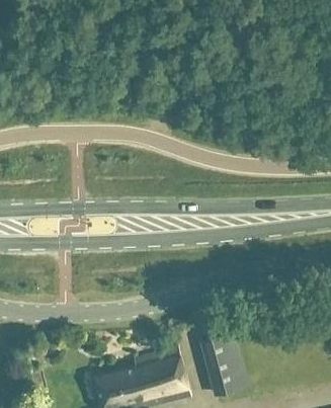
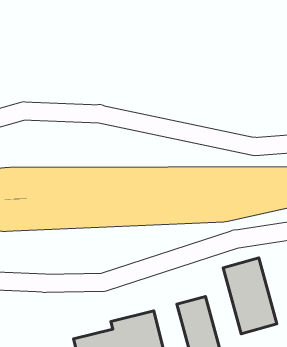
building: none -> [223,258,277,334]

